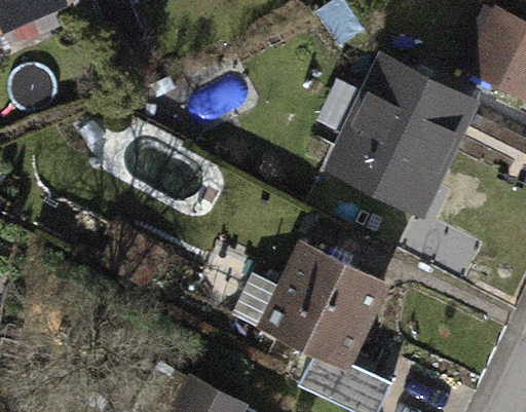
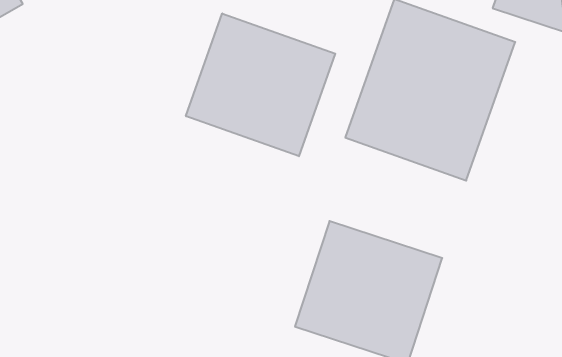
building: none -> [186,13,335,156]

